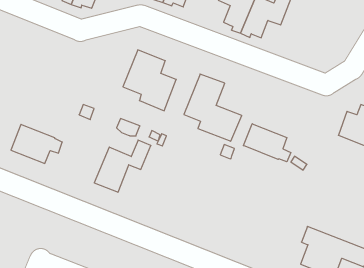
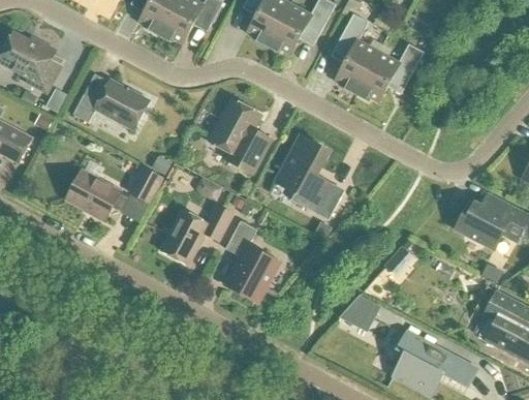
building: none -> [72,79,149,129]
building: none -> [127,164,163,203]
building: [243,124,291,162] -> none
building: none -> [225,220,278,301]
building: none -> [339,295,380,325]

